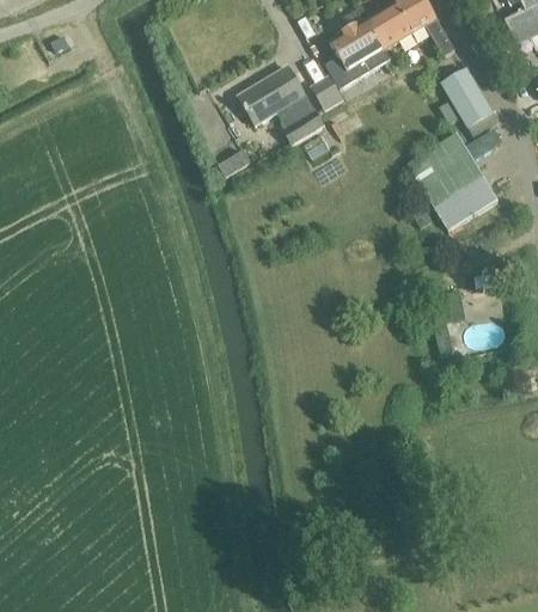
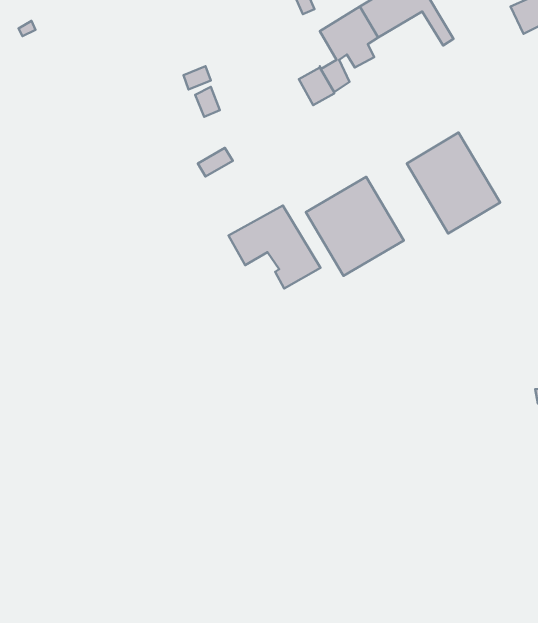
building: [240,67,325,143] -> [228,206,321,289]
building: [440,68,491,126] -> none
building: none -> [306,177,404,276]

